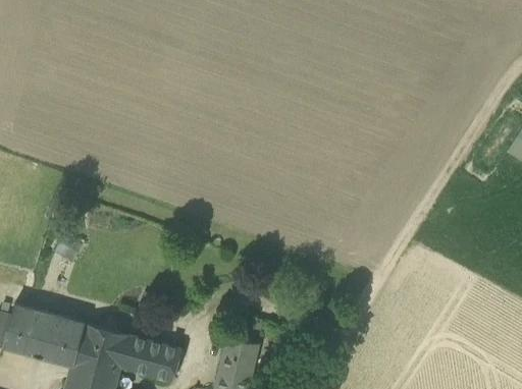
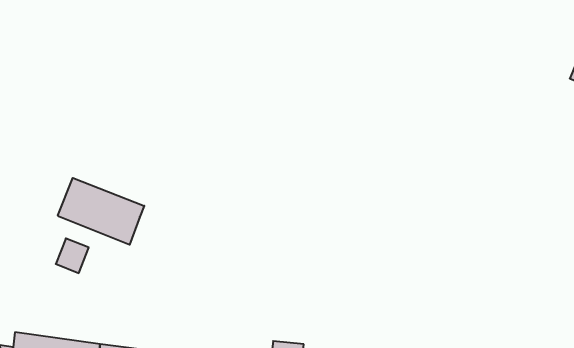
building: none -> [58,178,144,245]

